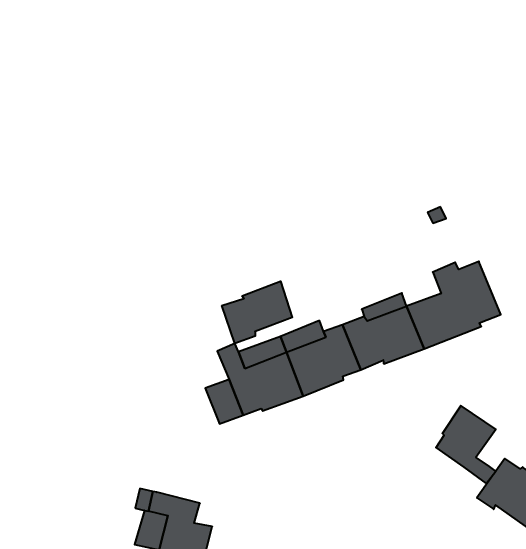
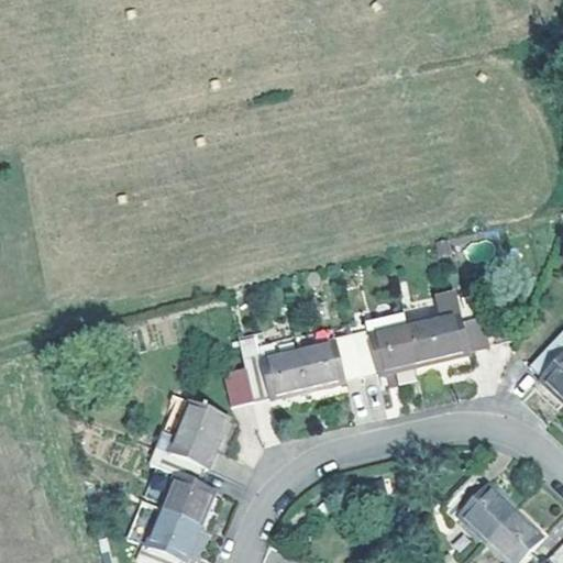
building: [222,281,292,343] -> none
building: [436,406,496,483] -> none
building: none -> [168,405,230,474]

